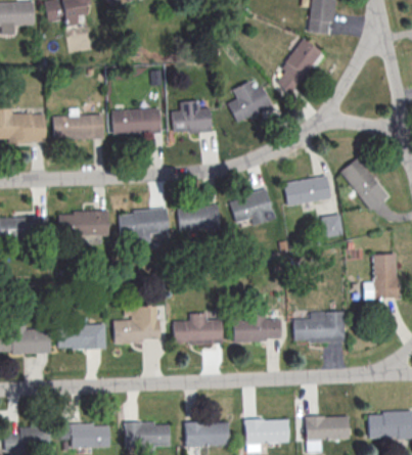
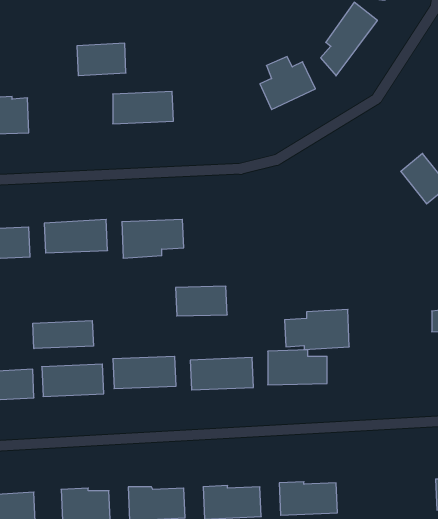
building: [173,100,213,133] -> none
building: [64,115,103,140] -> [77,43,126,76]
building: [283,176,330,207] -> none
building: [230,188,276,225] -> none
building: [179,206,220,229] -> [176,286,227,316]
building: [323,214,344,236] -> none
building: none -> [33,321,93,349]
building: [293,312,345,344] -> [285,309,349,349]
building: [306,415,352,442] -> none

